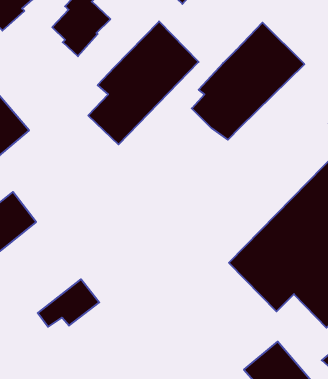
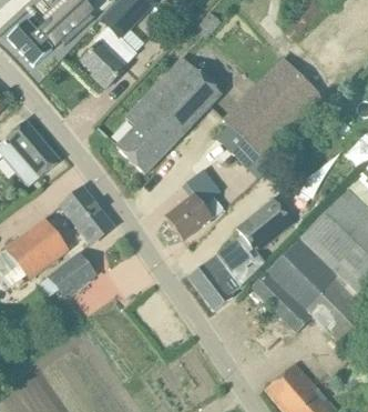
building: none -> [164,170,223,240]
building: none -> [59,187,113,244]
building: none -> [187,199,292,311]
building: [38,279,99,327] -> [35,253,94,299]

